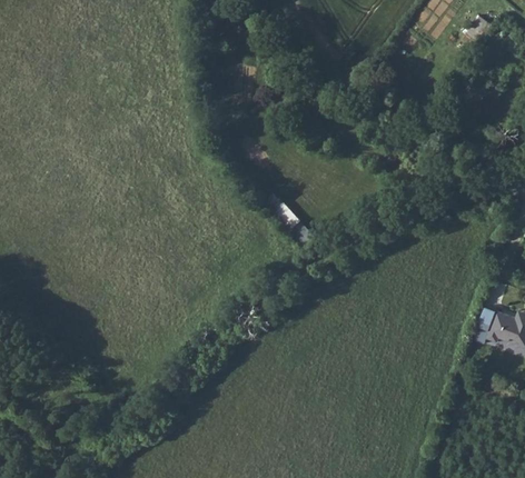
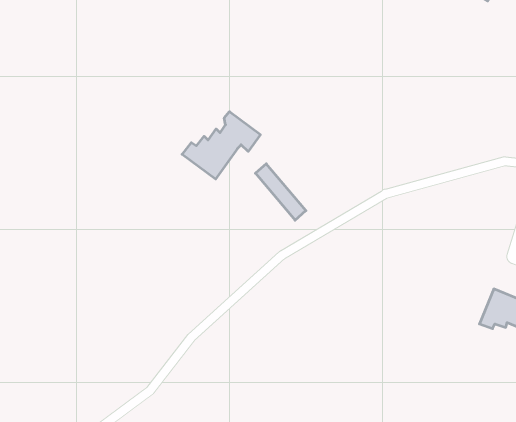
building: none -> [182,112,260,179]

